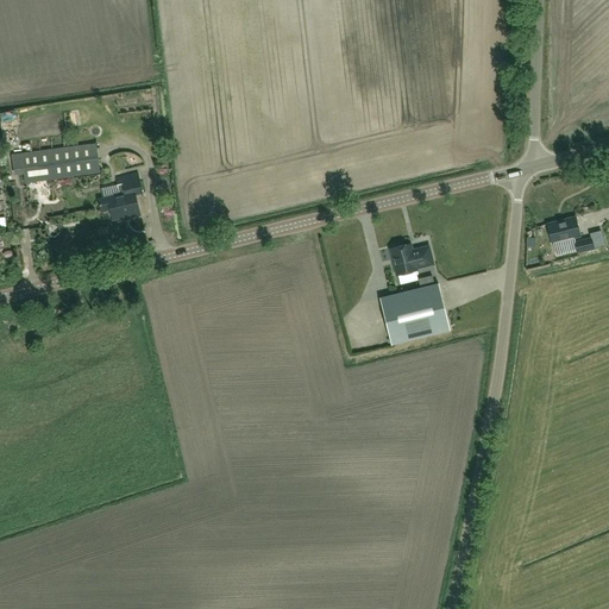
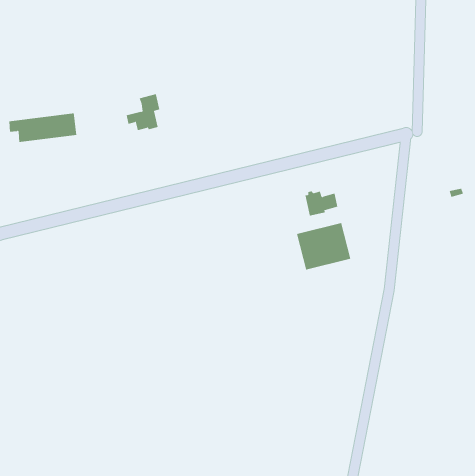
building: [98,172,142,220] -> [126,94,160,131]
building: [546,218,579,243] -> none

